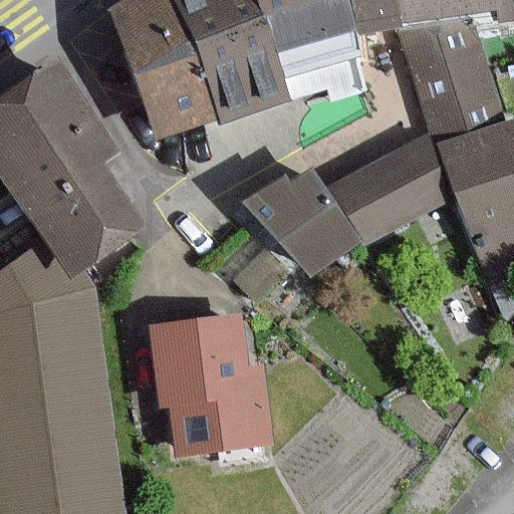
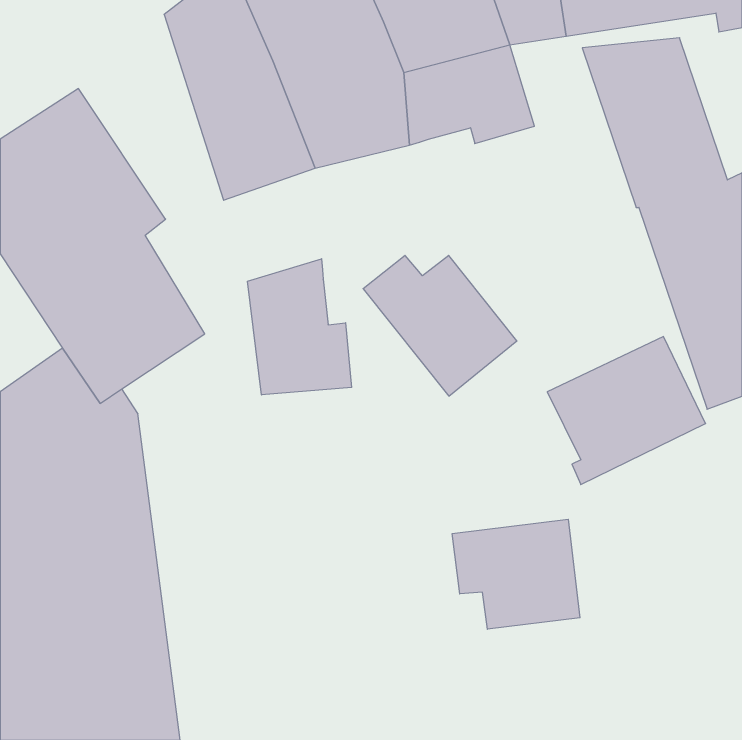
building: [340,140,450,242] -> [547,337,706,485]
building: none -> [248,259,352,395]
building: [151,315,269,455] -> none
building: none -> [452,519,580,629]

